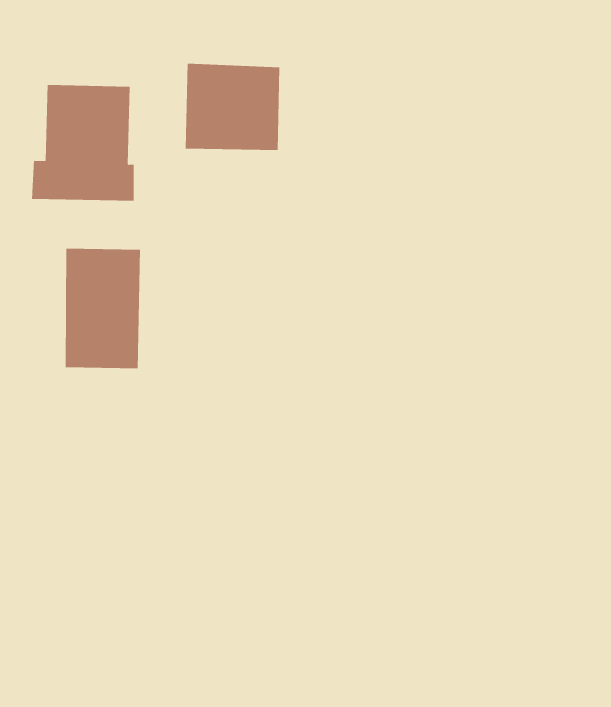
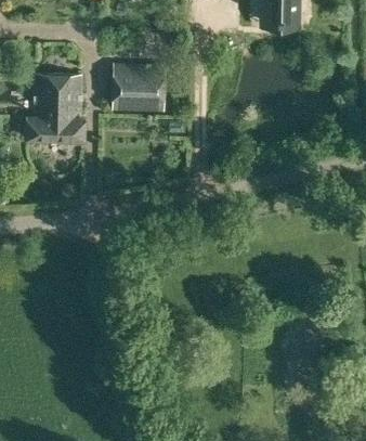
building: [65,248,140,369] -> none

